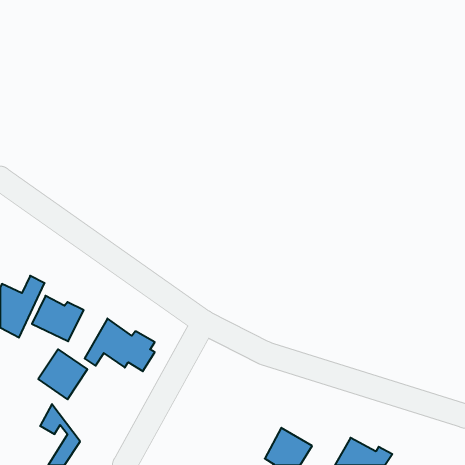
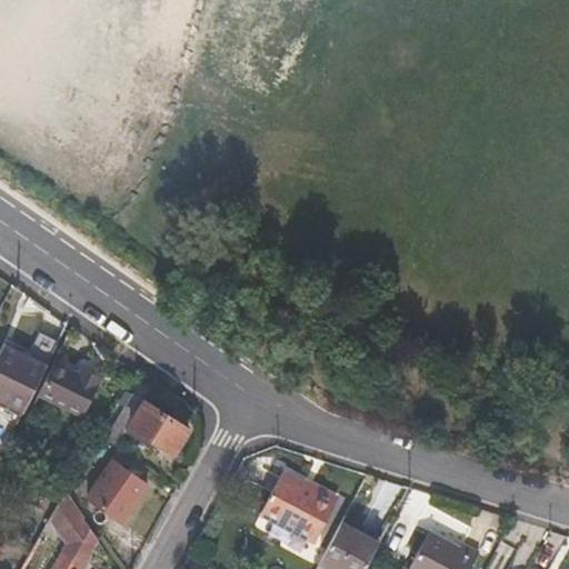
building: [38,349,87,399] -> [88,461,148,522]
building: none -> [260,473,336,541]

